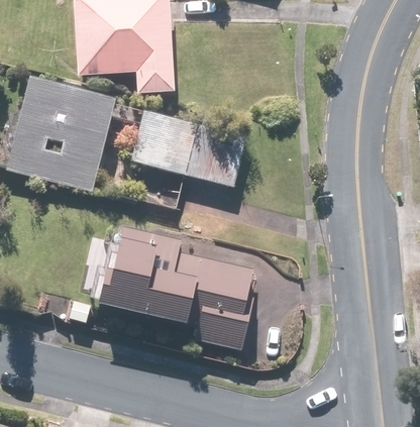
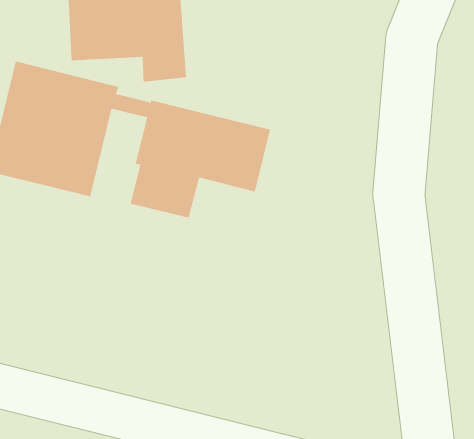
building: [96,224,254,349] -> none

